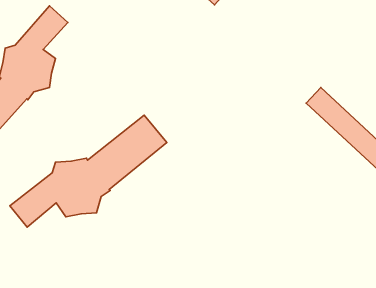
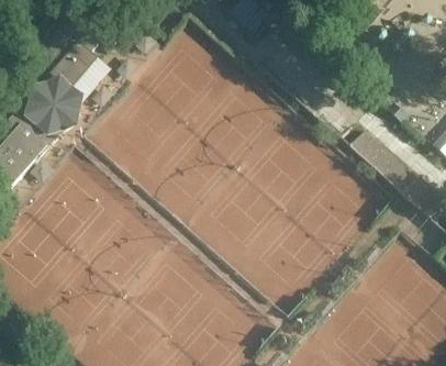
building: [10,115,167,227] -> none

